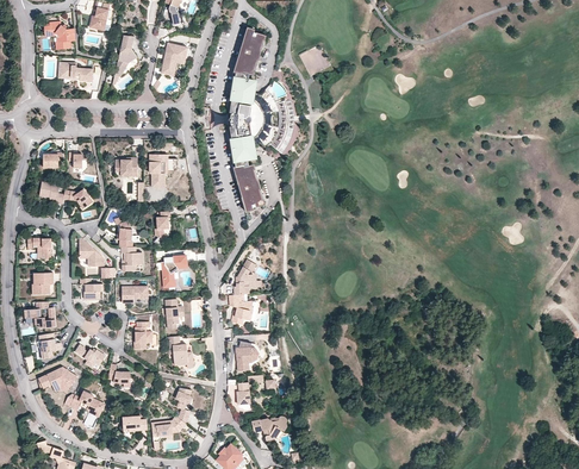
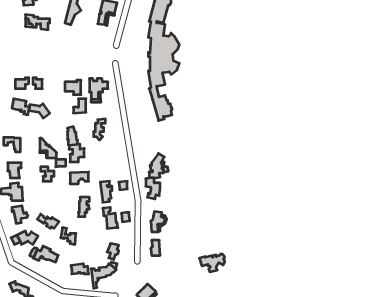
building: [161,255,187,287] -> none
building: [251,415,287,440] -> [199,254,225,272]

